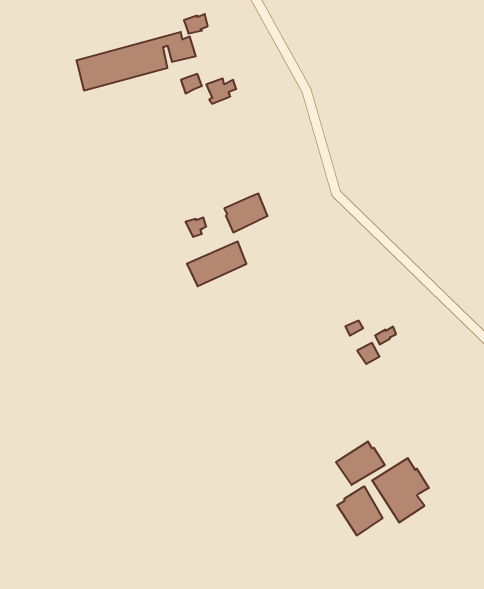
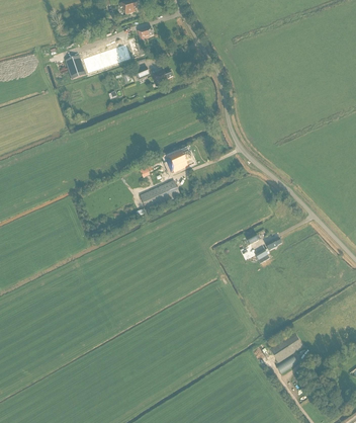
building: [336,441,385,485] -> none
building: [337,486,383,536] -> none

